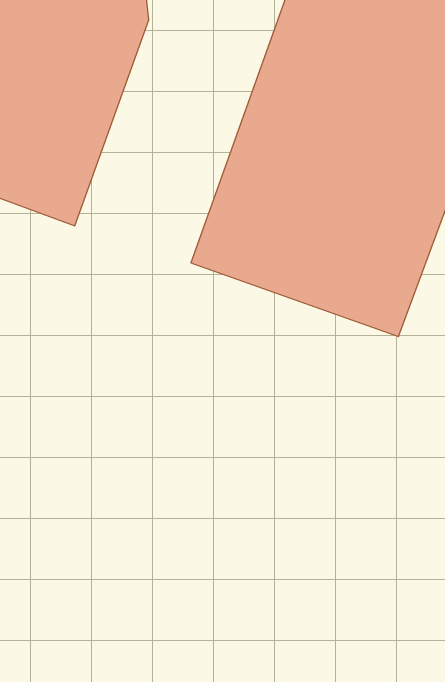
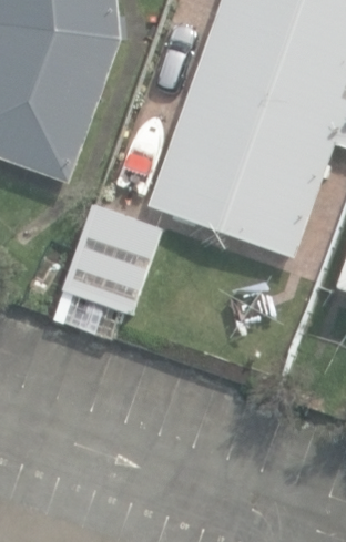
building: none -> [61,204,162,315]

